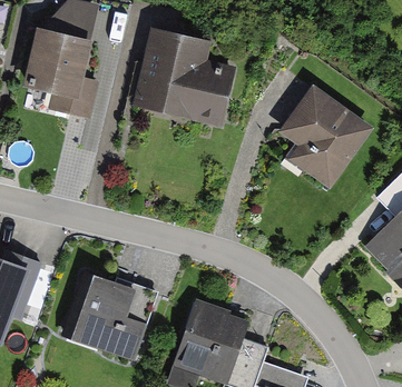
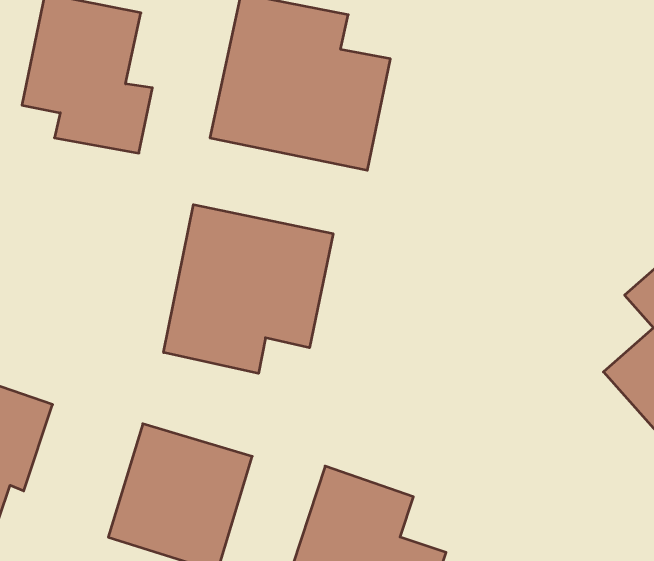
building: [278,83,373,189] -> none
building: none -> [164,205,333,373]

